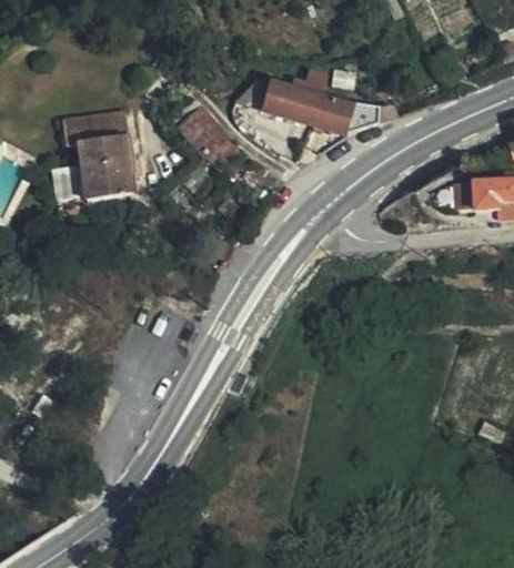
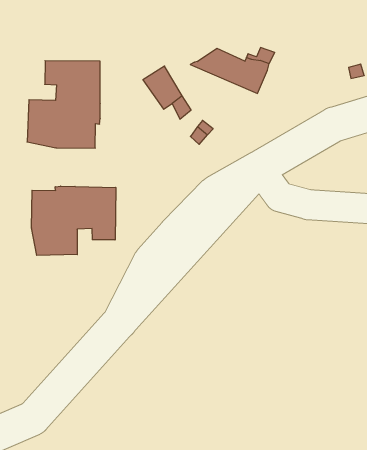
building: [311,94,397,130] -> none
building: none -> [32,186,116,255]

